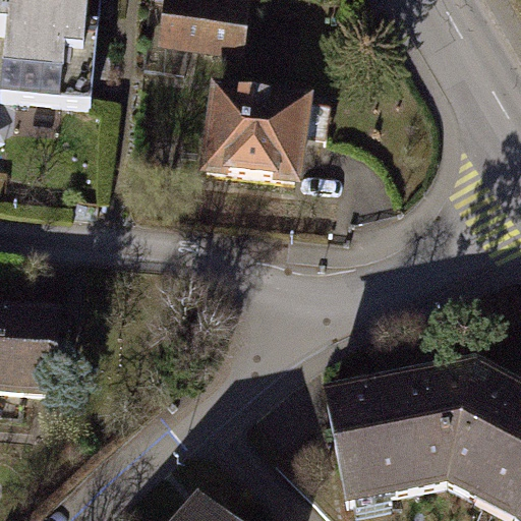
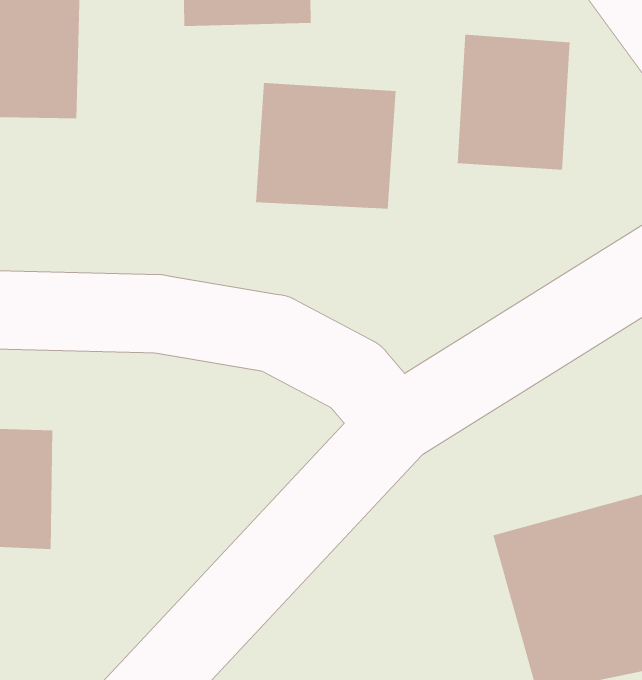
building: none -> [457,34,570,170]

